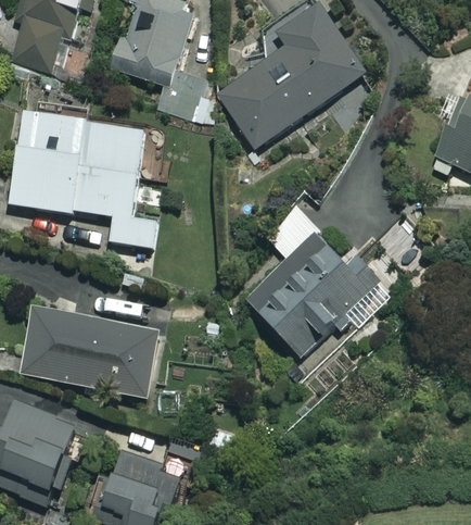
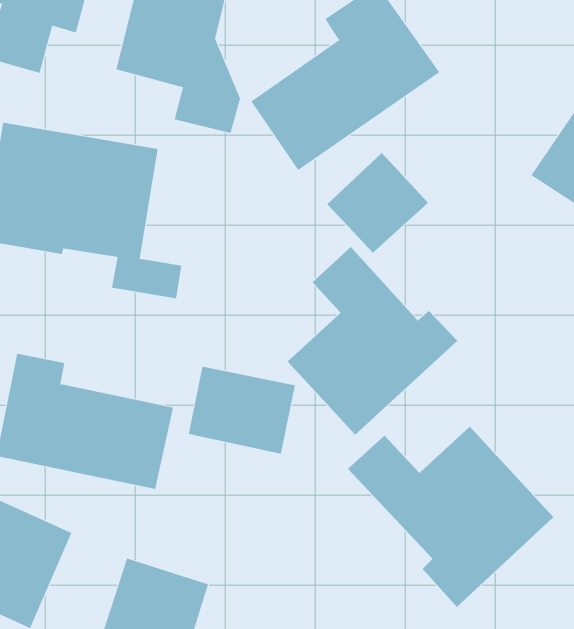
building: none -> [327,152,429,254]
building: none -> [188,366,296,455]
building: none -> [347,426,554,608]

